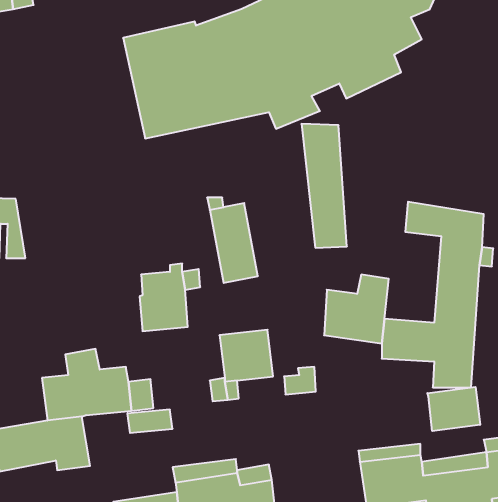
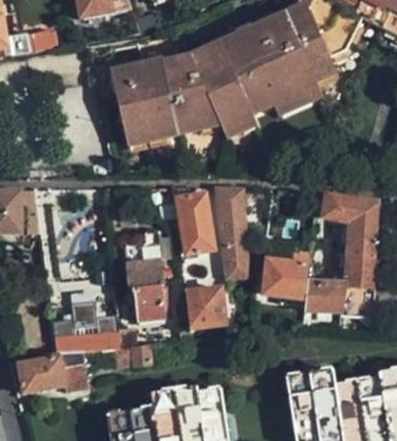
building: [301,124,347,248] -> [216,188,250,280]
building: none -> [134,284,165,322]
building: [427,387,480,431] -> none

